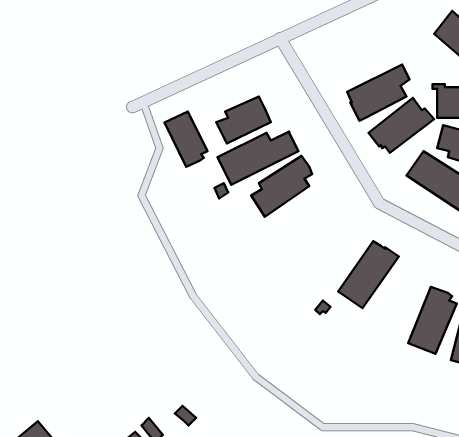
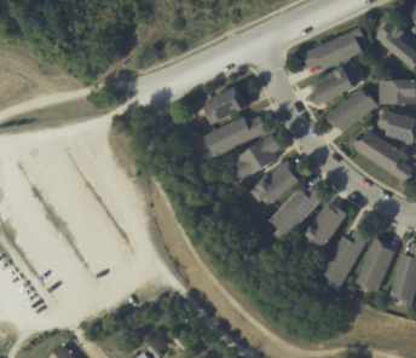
building: none -> [304,25,364,69]
building: [165,112,208,167] -> none
building: none -> [250,160,304,203]
building: none -> [271,184,325,241]
building: none -> [320,229,369,285]

